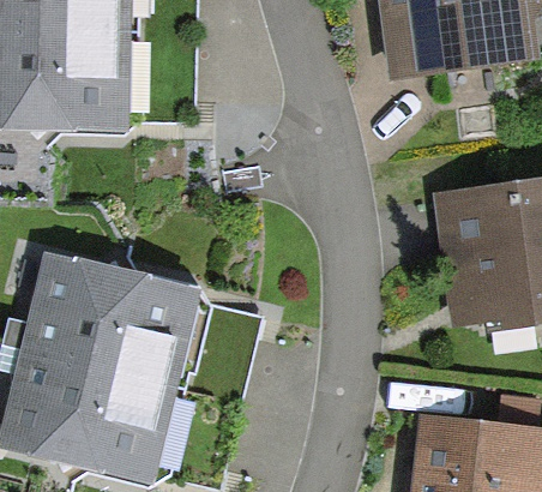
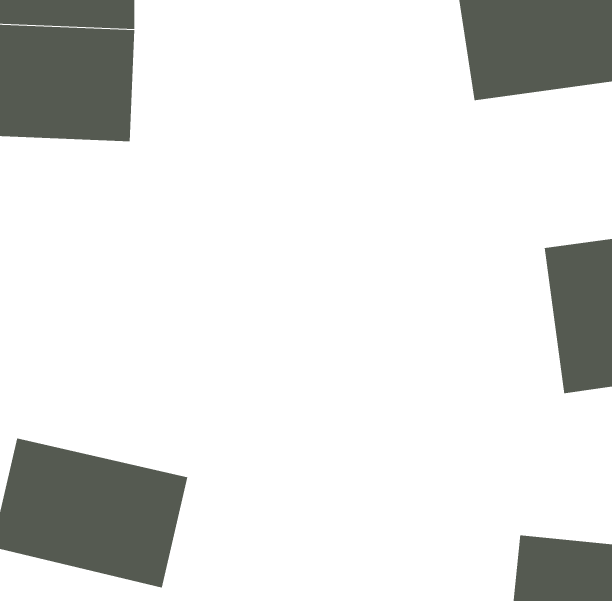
building: [31,262,187,380] -> none

